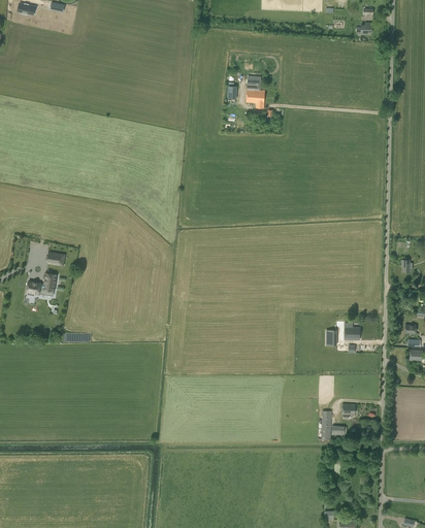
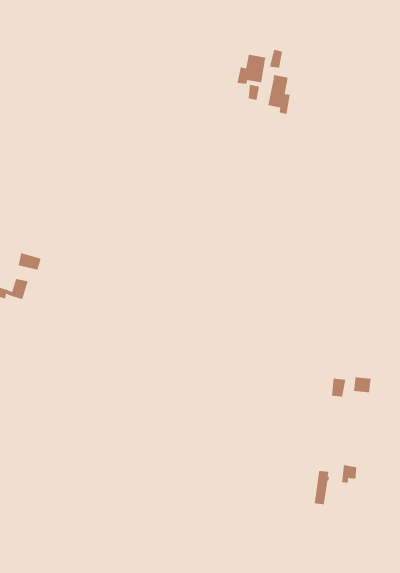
building: none -> [237,54,266,85]

